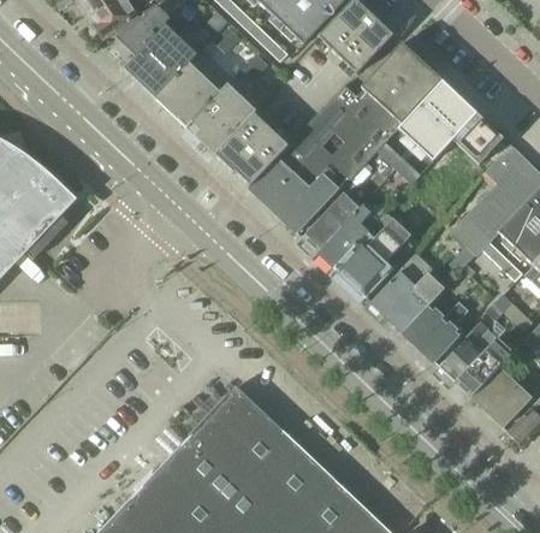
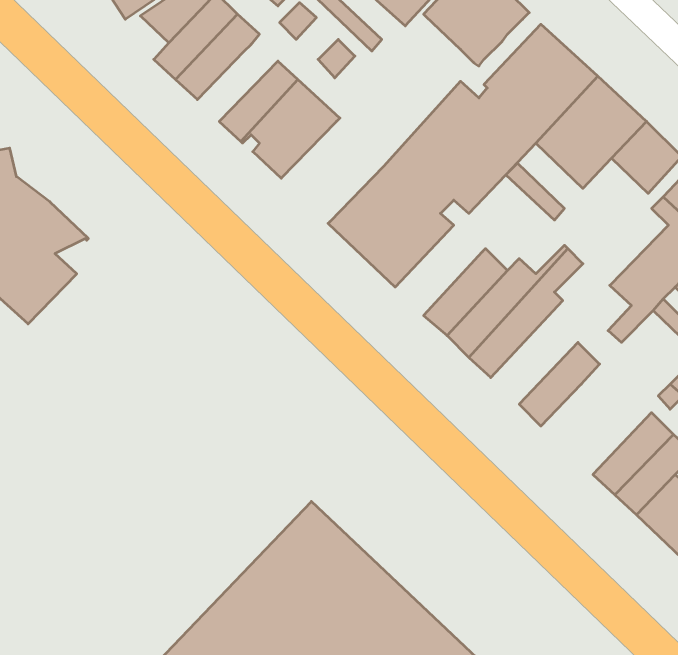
building: [155,55,213,114] -> none
building: [215,114,289,186] -> none
building: [302,194,360,254] -> none
building: [370,254,432,318] -> none
building: [402,302,468,363] -> none

